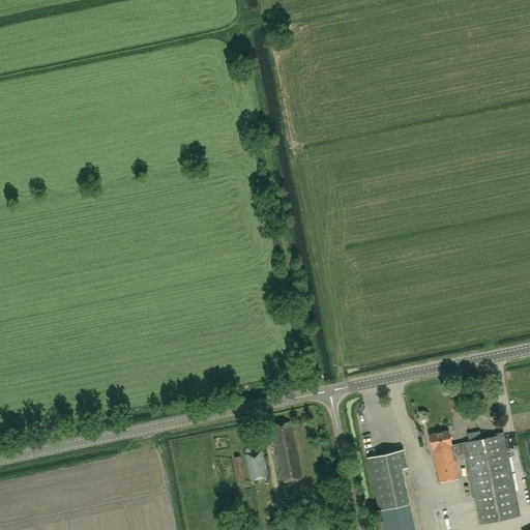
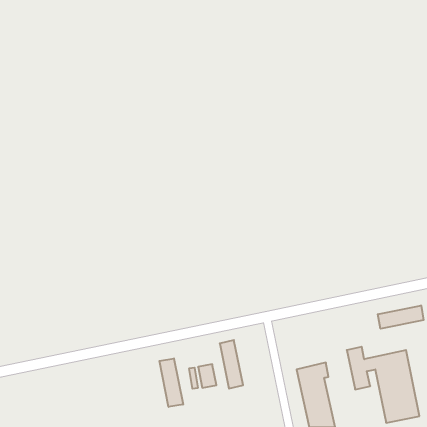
building: none -> [378,305,424,329]
building: none -> [159,358,183,407]

